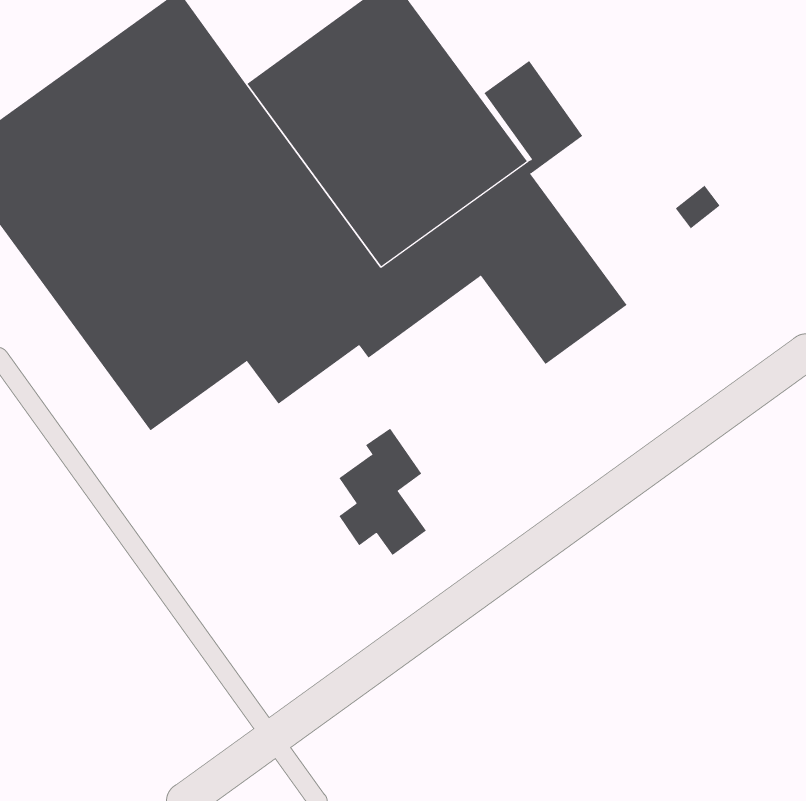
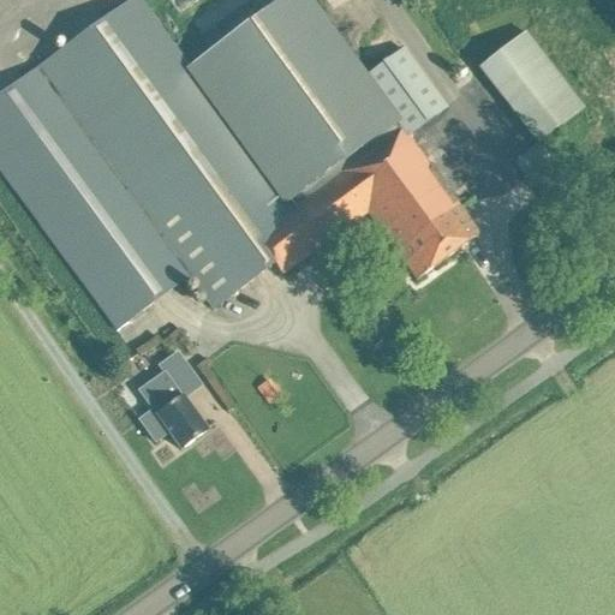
building: none -> [485,25,589,141]
building: [338,428,427,556] -> [137,351,204,448]

